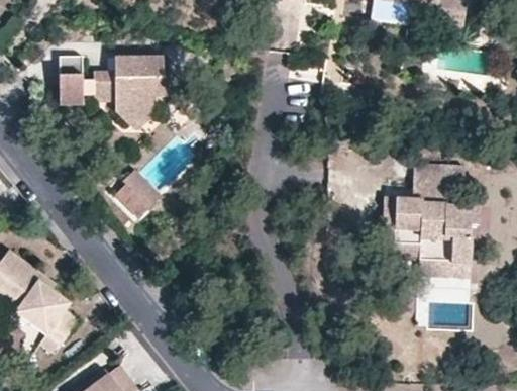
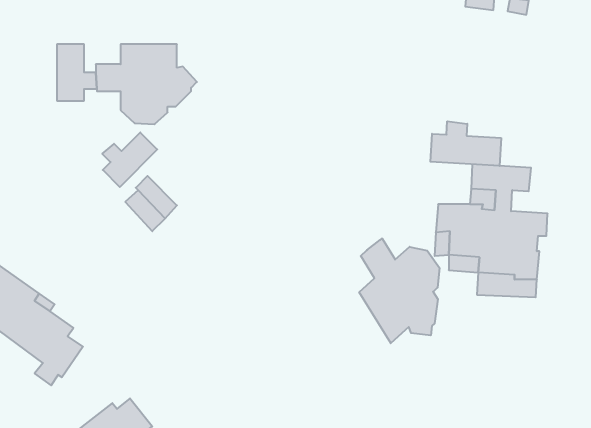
building: none -> [430,121,501,166]
building: none -> [102,132,157,187]
building: none -> [359,238,439,343]

